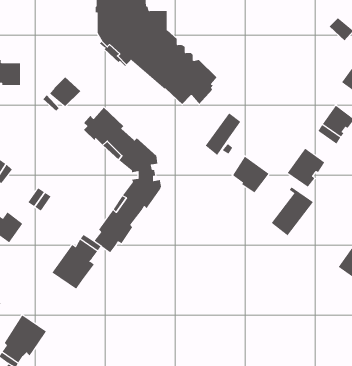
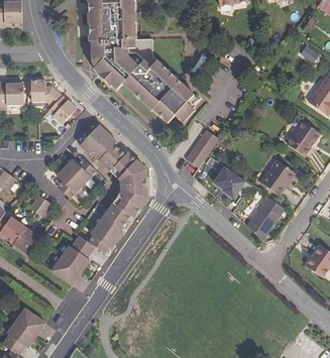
building: none -> [30,81,62,106]
building: none -> [57,159,95,200]
building: none -> [12,227,39,254]

